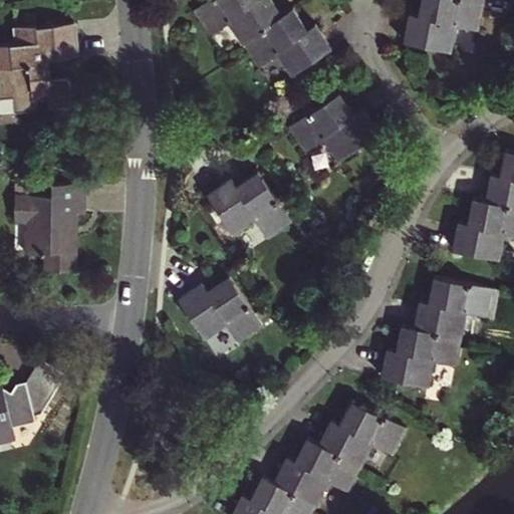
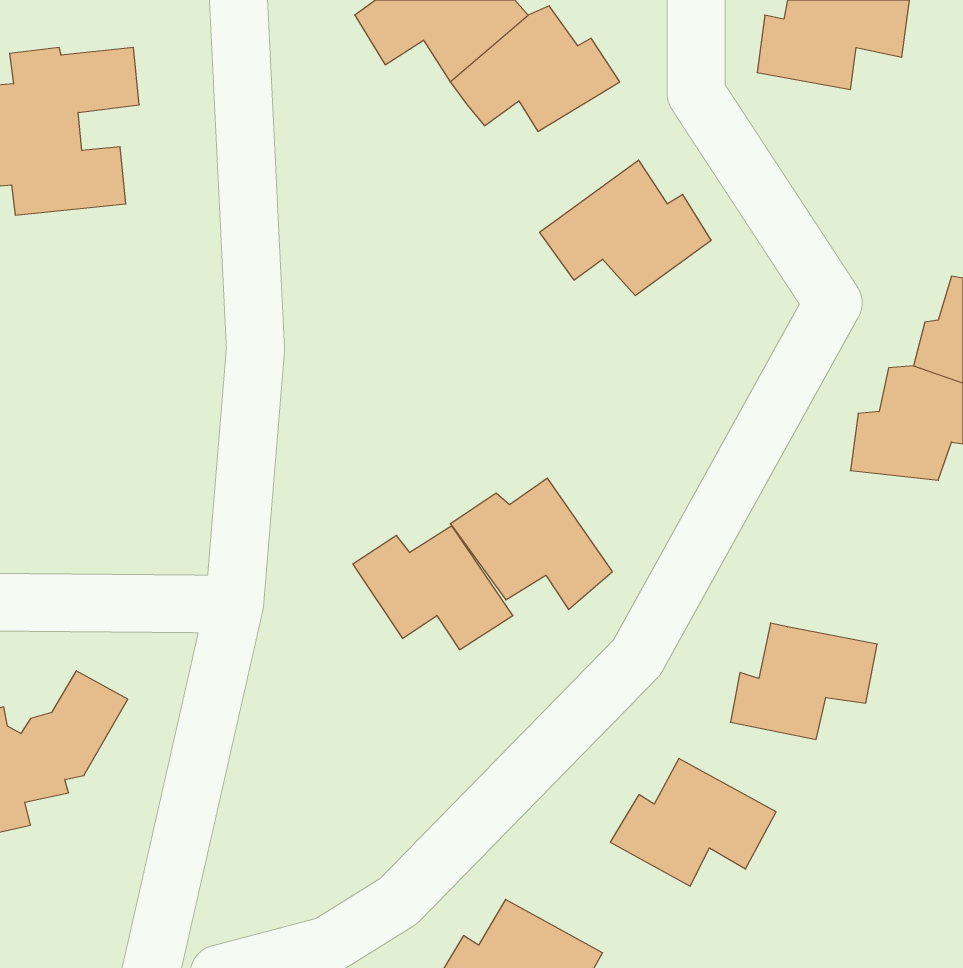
building: [202,170,287,239] -> [450,478,612,610]
building: [14,182,85,269] -> none
building: [415,282,492,342] -> none
building: [275,441,363,505] -> none

